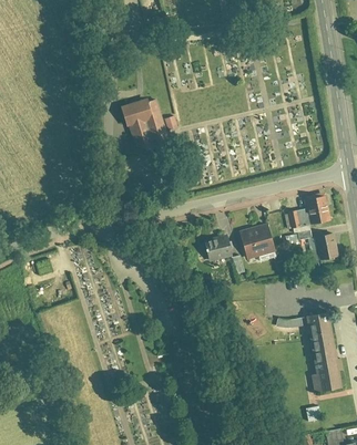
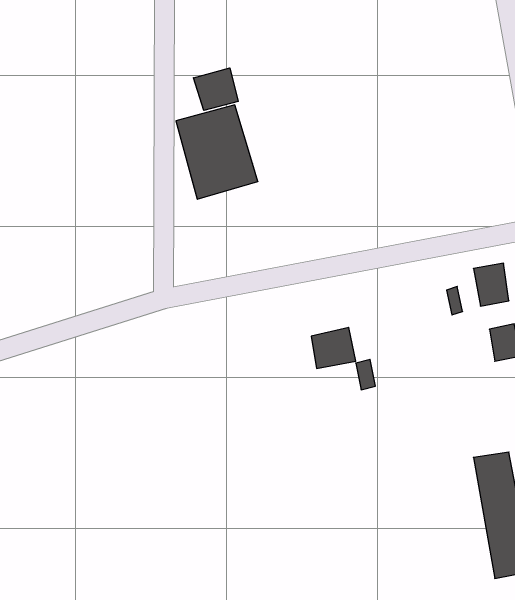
building: none -> [193,68,238,110]
building: [239,222,275,257] -> none

